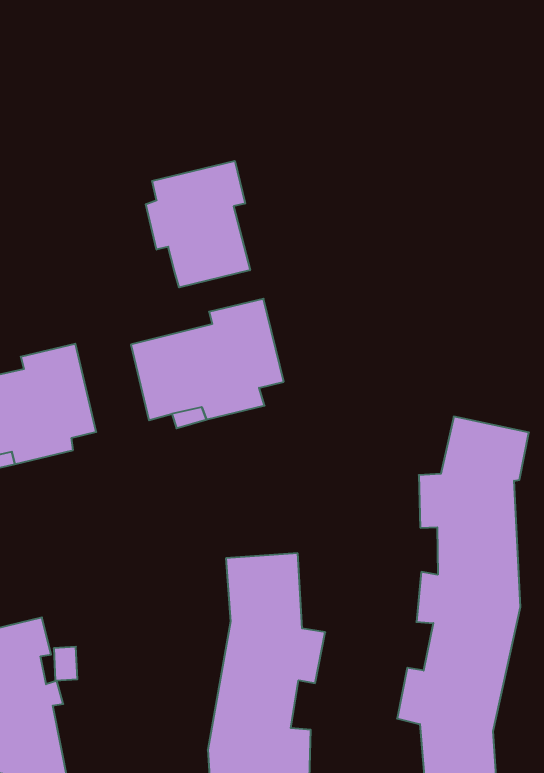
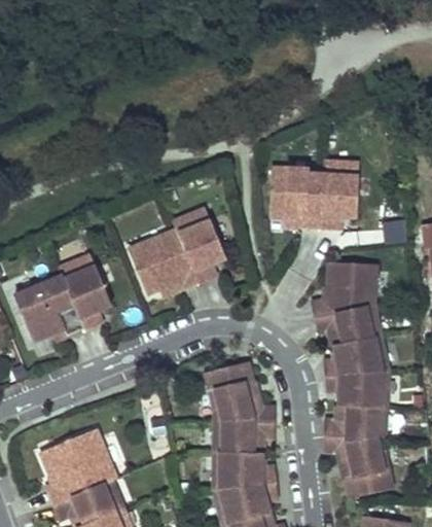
building: [146,161,250,287] -> none
building: none -> [265,161,355,226]

